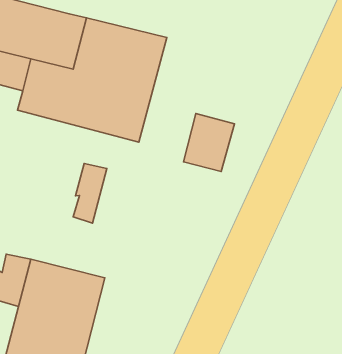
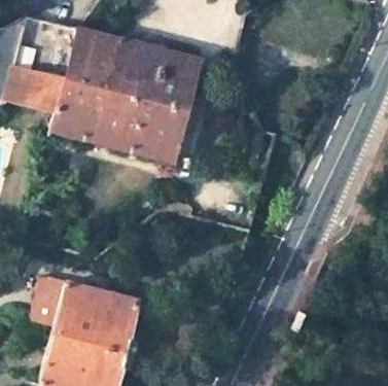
building: [184,114,235,171] -> none
building: [73,164,107,223] -> none

